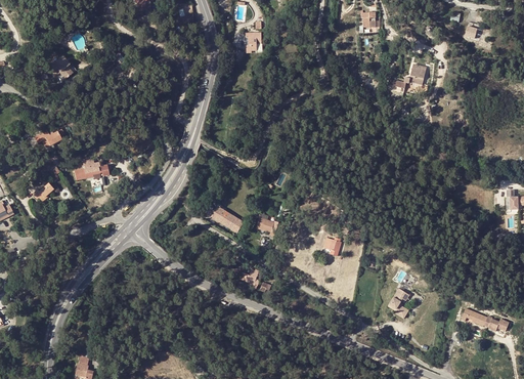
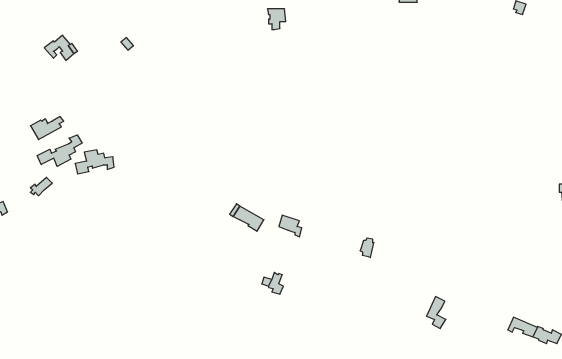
building: [388,64,427,88] -> none
building: none -> [37,135,82,166]

